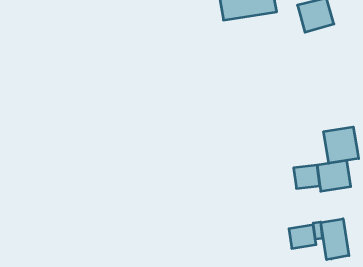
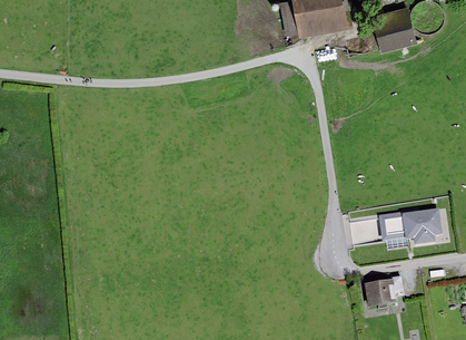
building: [324,127,359,163] -> none
building: [321,219,349,260] -> none

